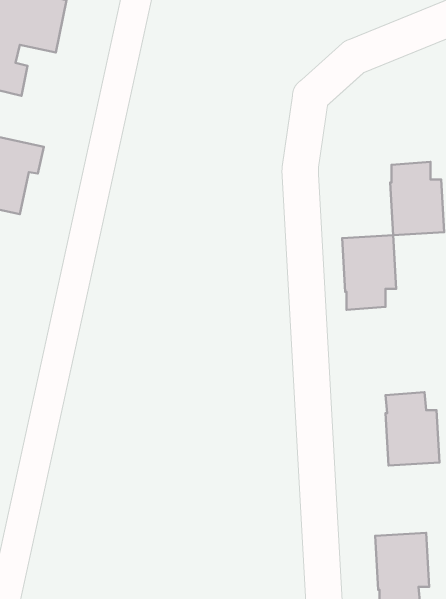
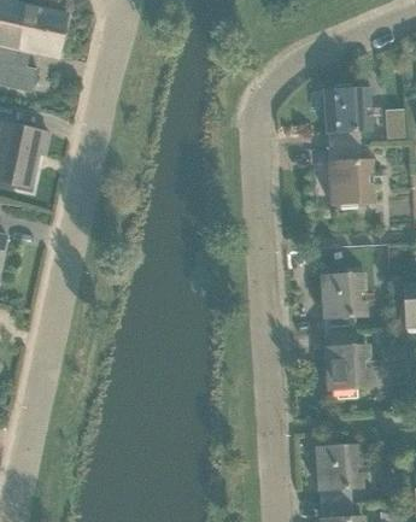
building: none -> [324,87,368,147]
building: [342,235,396,310] -> [321,272,364,333]

